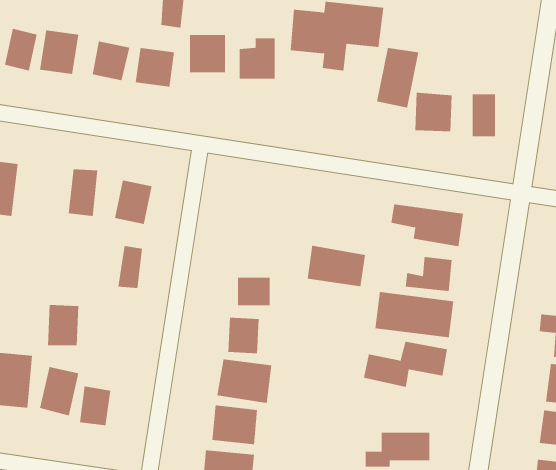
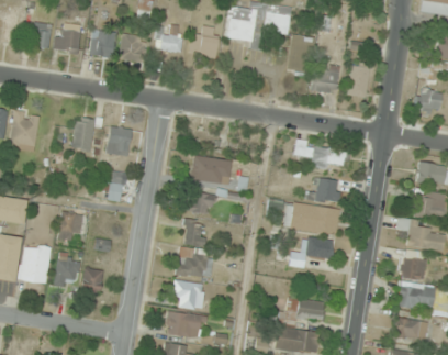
building: [307,245,366,287] -> [191,155,232,184]

